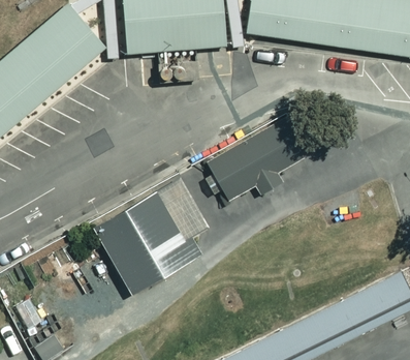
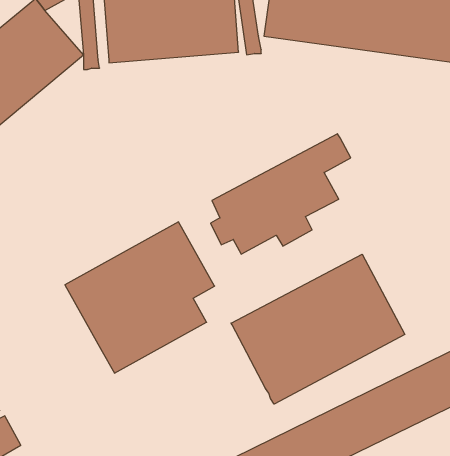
building: none -> [231,254,405,404]

